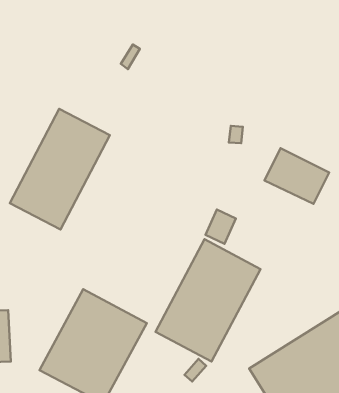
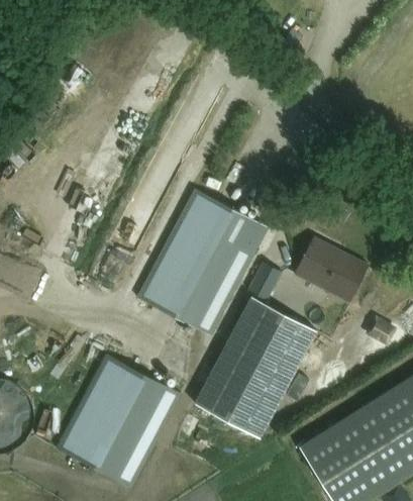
building: [10,109,110,229] -> none
building: none -> [138,190,270,336]
building: [265,148,329,204] -> [294,238,369,303]

